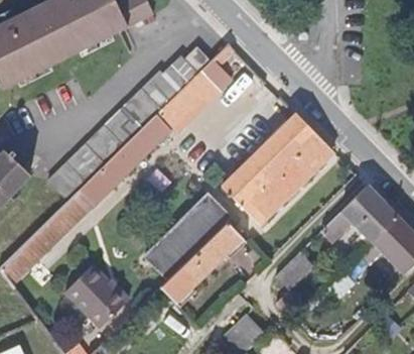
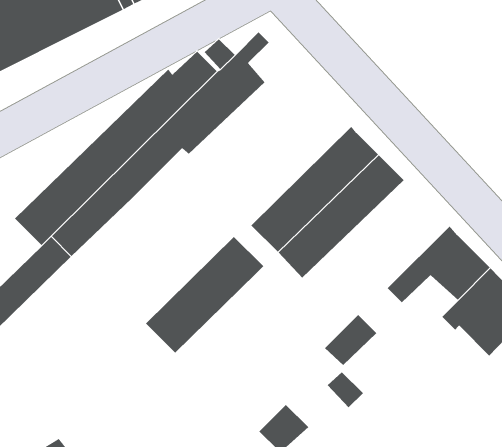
building: [159,221,246,307] -> none
building: [63,266,127,327] -> none

